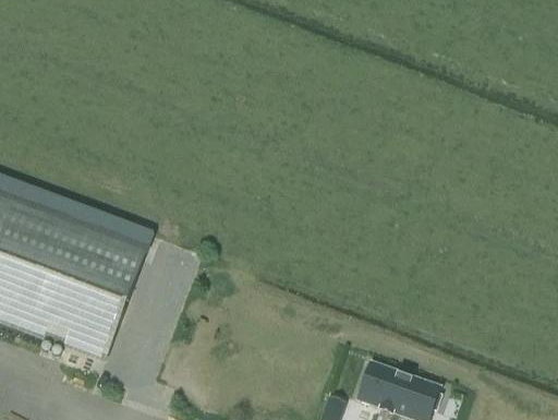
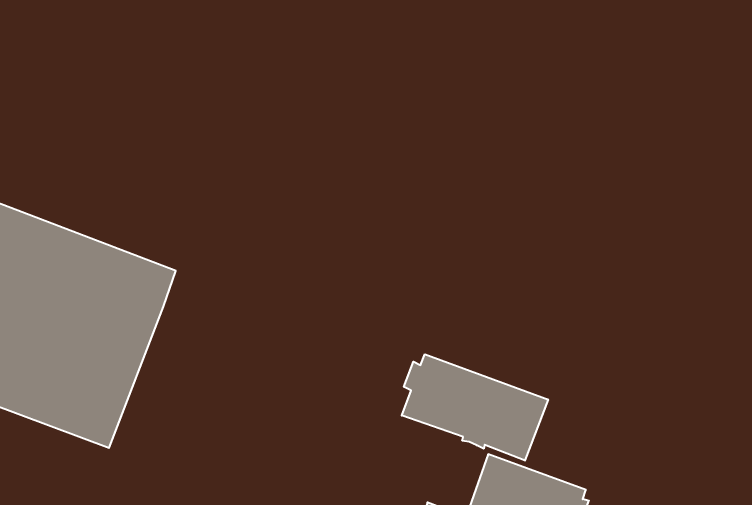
building: none -> [402,354,548,461]

